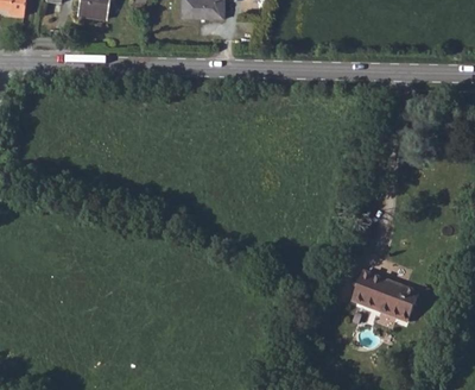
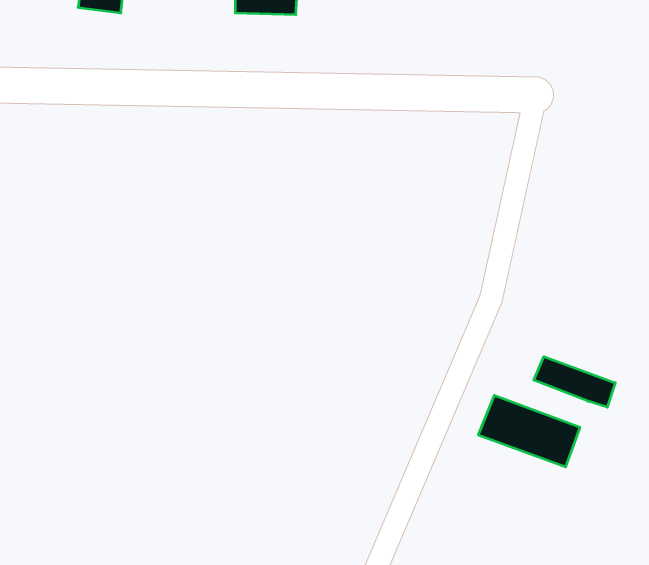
building: none -> [534,357,615,407]

